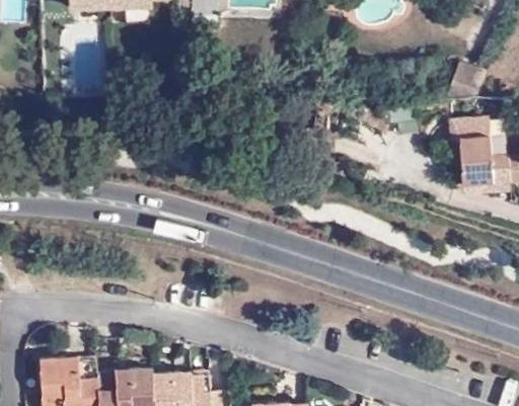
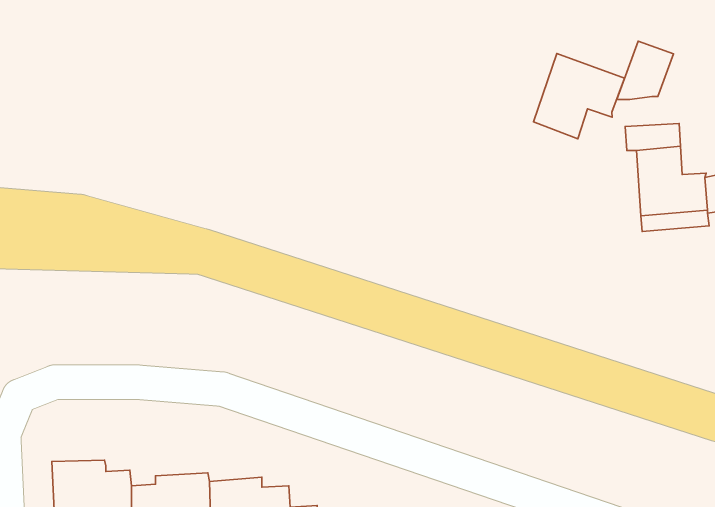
building: none -> [533,53,624,139]

